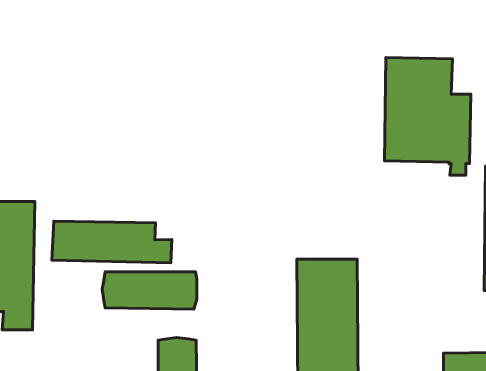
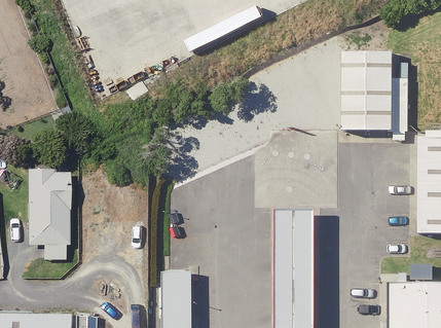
building: [52,221,172,263] -> none
building: [102,272,197,309] -> none

